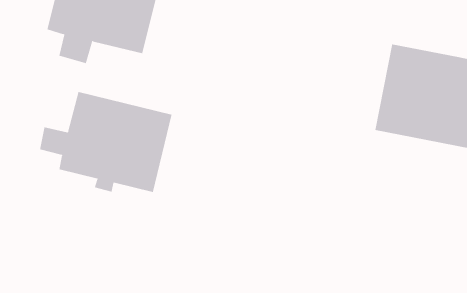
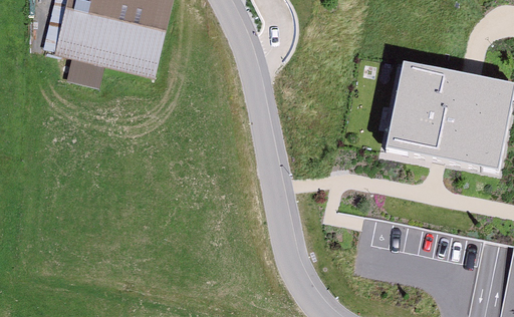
building: [39,91,172,193] -> none

